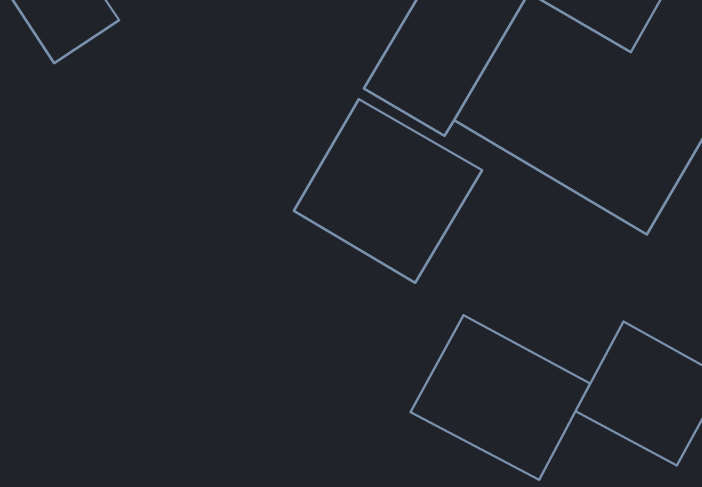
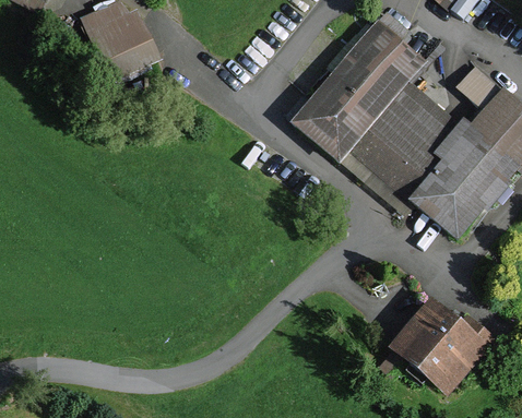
building: [294,99,482,283] -> none
building: [411,315,590,480] -> none

